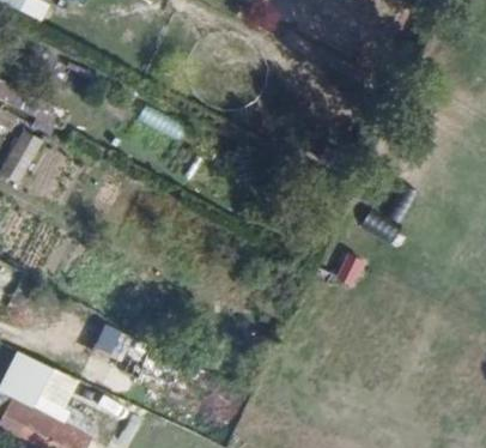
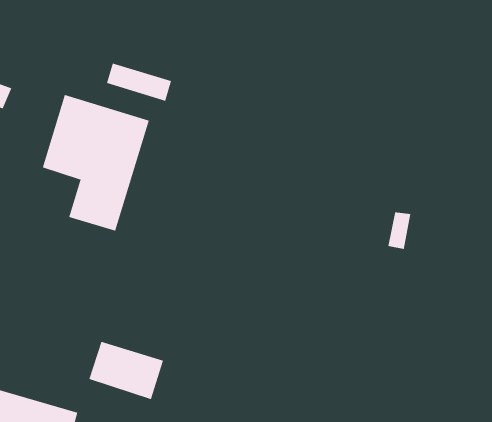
building: none -> [42,94,149,231]

